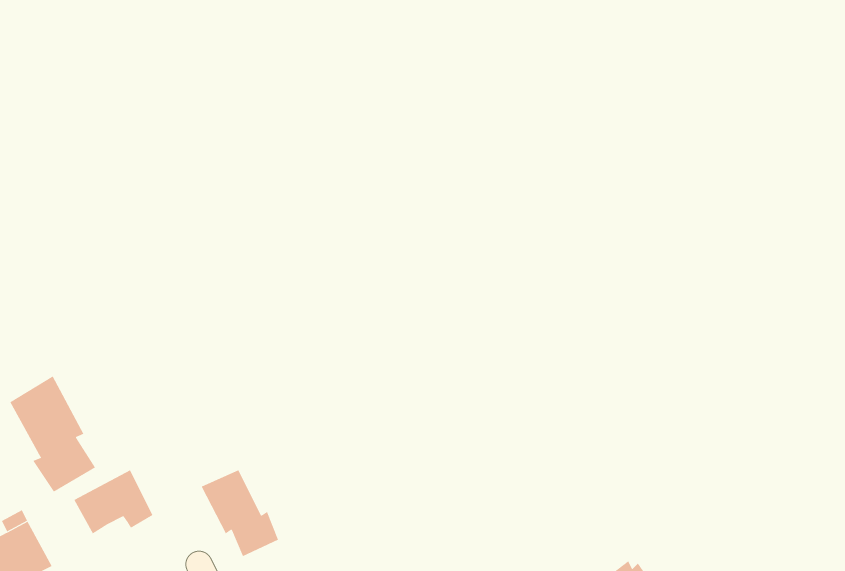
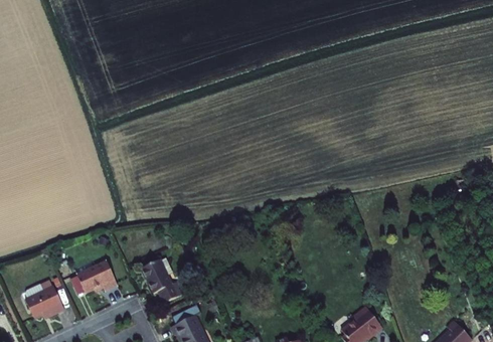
building: [9,375,96,492] -> none

